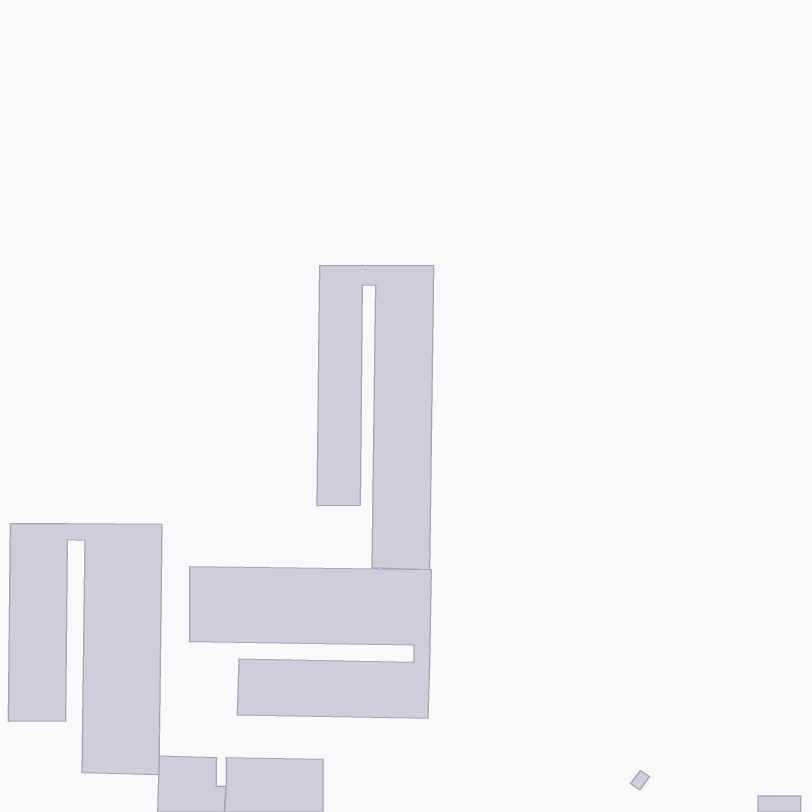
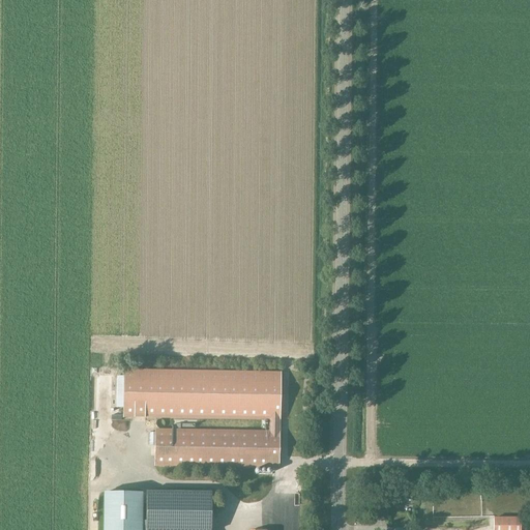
building: [317,265,434,570] -> none
building: [9,523,162,775] -> none

